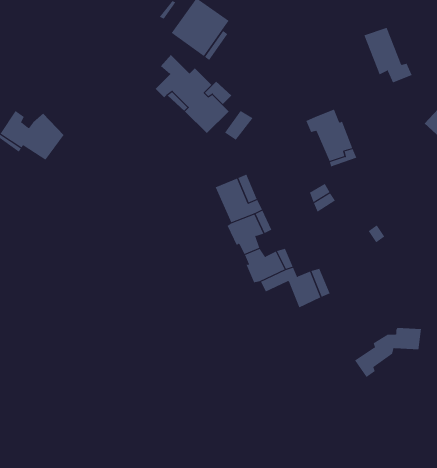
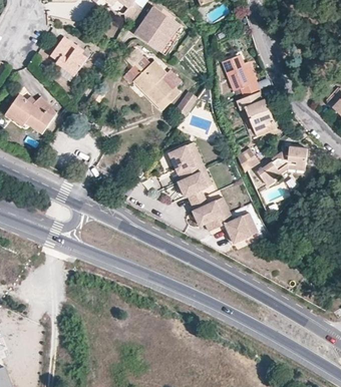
building: [363,27,413,83] -> [222,55,259,97]
building: none -> [49,37,86,76]
building: [354,327,422,378] -> [256,147,307,185]

